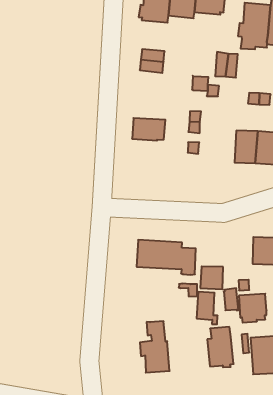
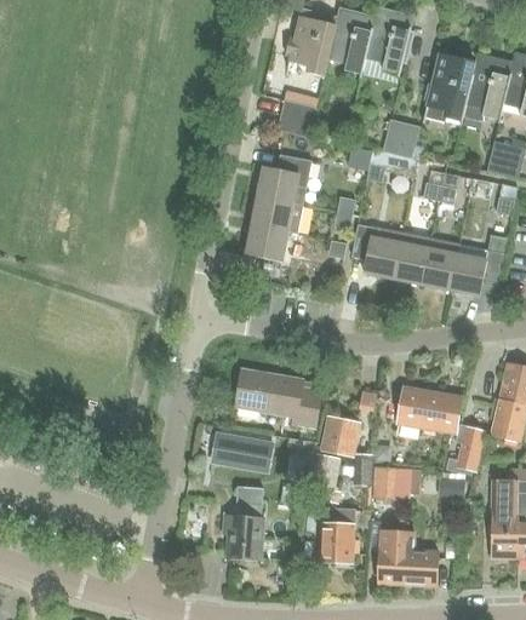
building: none -> [258,154,311,203]
building: none -> [350,223,401,277]
building: none -> [246,224,287,260]
building: none -> [212,434,271,473]

